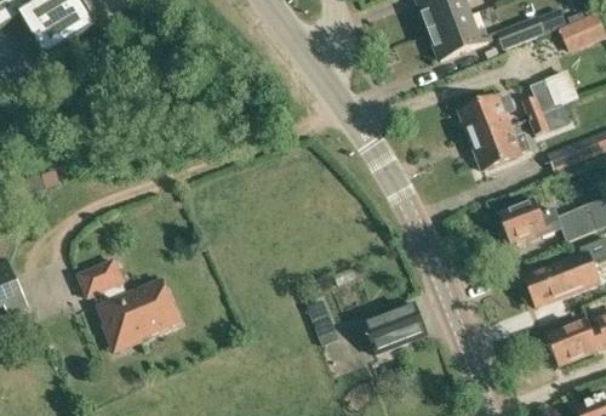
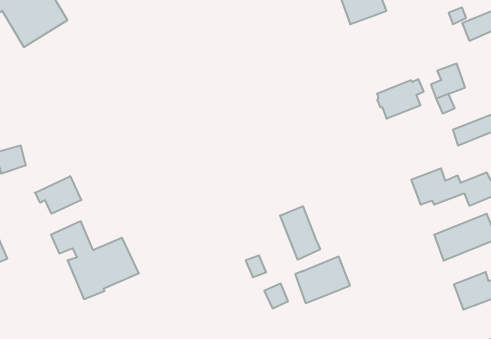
building: [427,13,488,58] -> none
building: [494,13,544,49] -> none
building: [469,124,528,169] -> none
building: none -> [35,176,81,214]
building: none -> [280,206,320,260]

